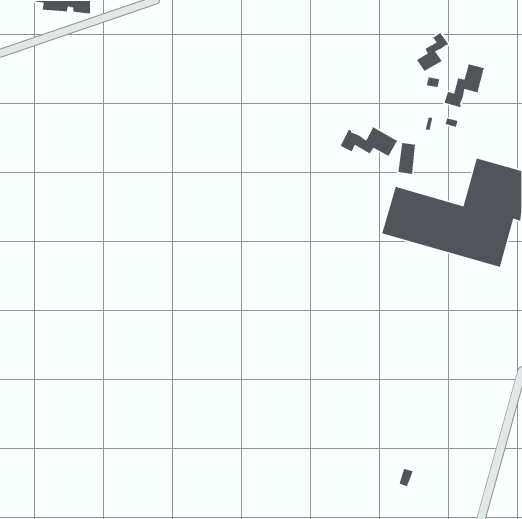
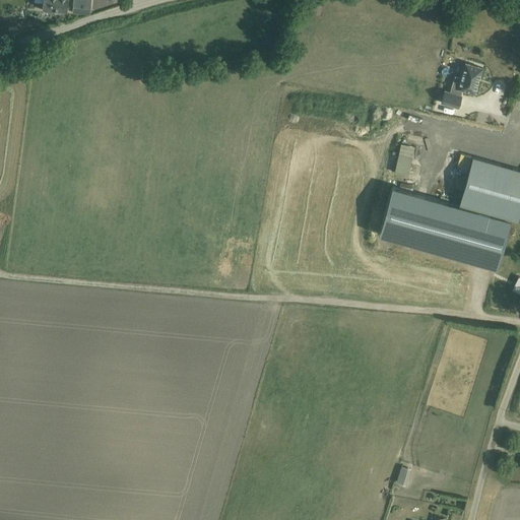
building: [416,32,450,72] -> none
building: [340,126,398,157] -> none

